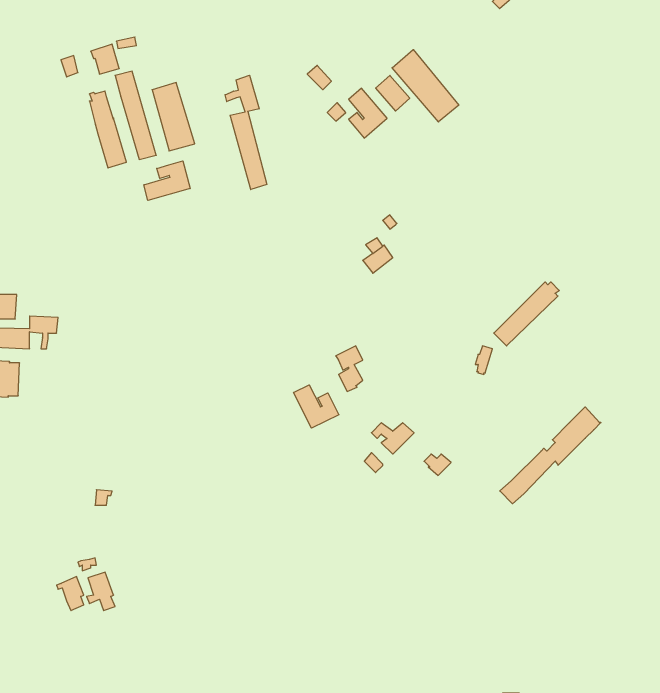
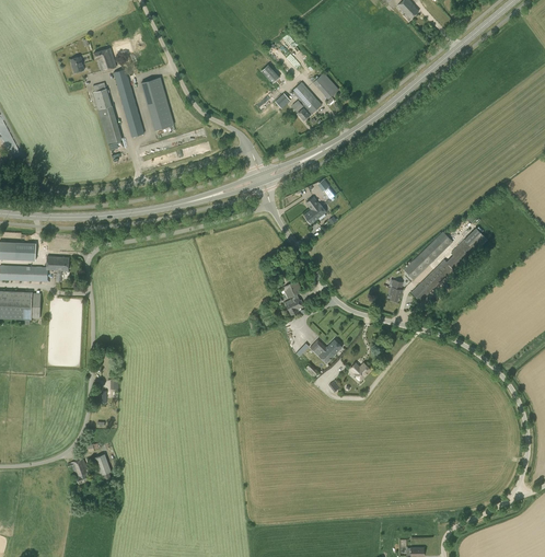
building: [392,50,459,122] -> none
building: [225,75,267,190] -> none
building: [144,161,190,200] -> none
building: [294,385,339,428] -> none
building: [500,407,601,504] -> [409,228,487,302]

